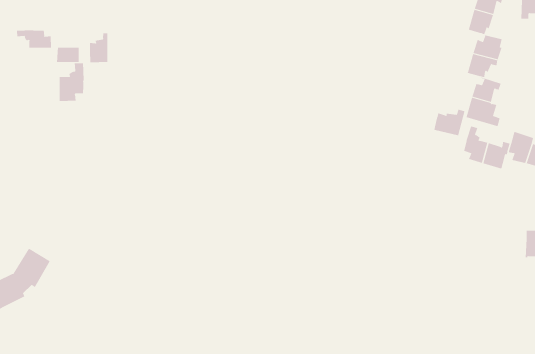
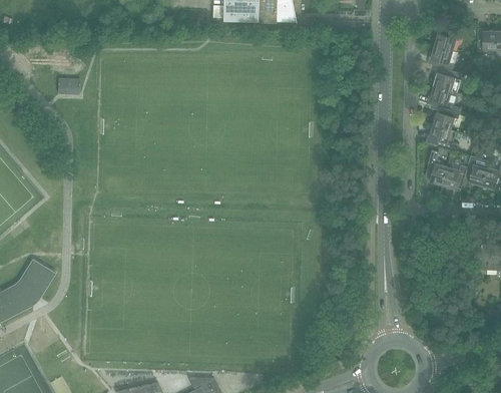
building: [17,30,52,48] -> none
building: [89,32,108,66] -> none
building: [59,62,84,102] -> none
building: [433,109,465,136] -> none

